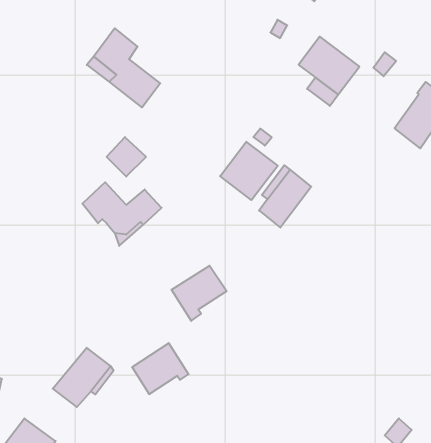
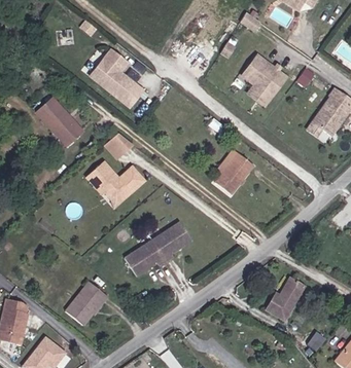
building: none -> [35,97,83,147]
building: [220,142,278,200] -> none
building: none -> [266,277,303,319]
building: [132,343,189,394] -> [125,240,166,277]

